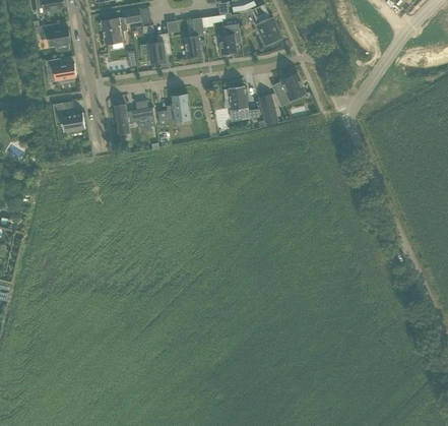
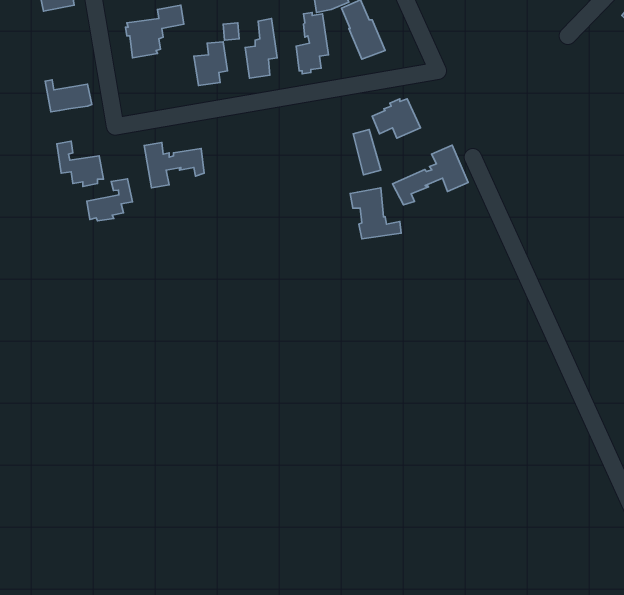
building: [39,24,70,46] -> none
building: [222,84,258,120] -> [350,188,401,239]
building: [156,94,190,125] -> none
building: none -> [393,145,468,205]
building: none -> [87,179,132,221]

